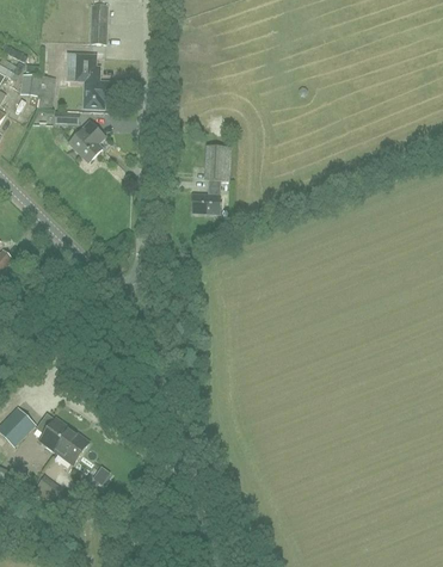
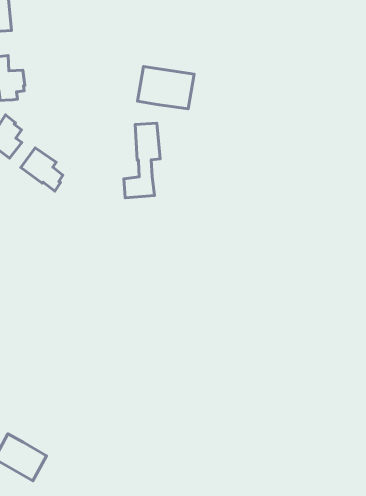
building: none -> [137,66,194,109]
building: none -> [21,148,63,191]

